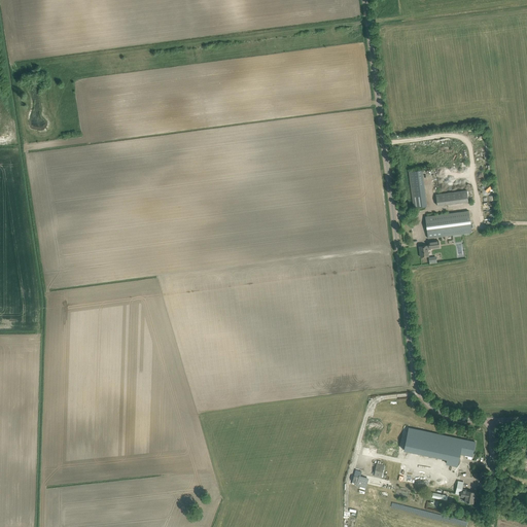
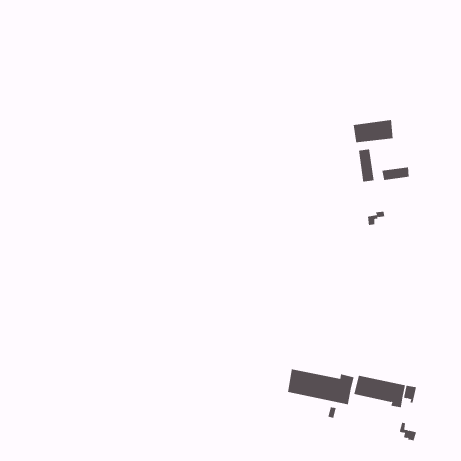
building: [425,211,471,238] -> [353,120,394,143]
building: none -> [287,368,354,405]

